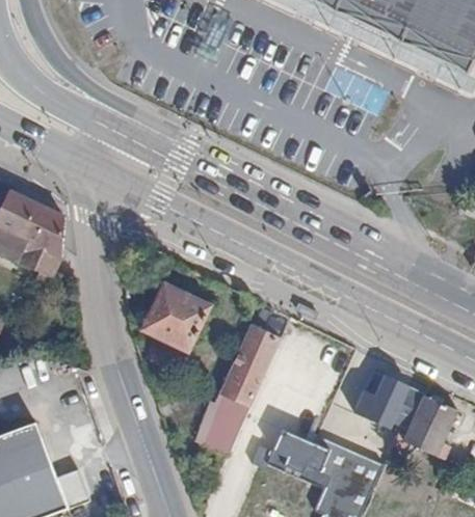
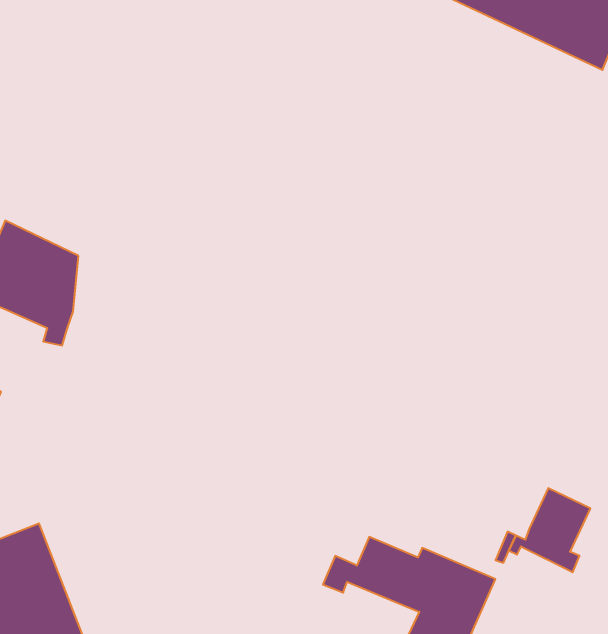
building: [140,283,210,352] -> none
building: [210,325,279,446] -> none
building: [352,369,423,426] -> none

